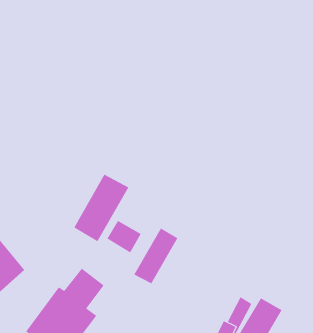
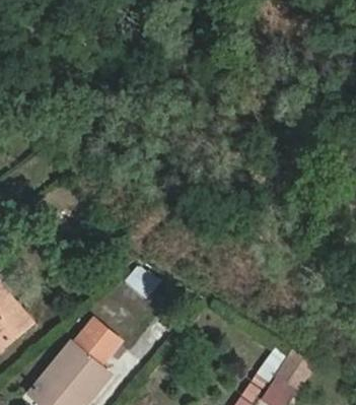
building: [73,174,129,242] -> none
building: [134,228,178,284] -> none

